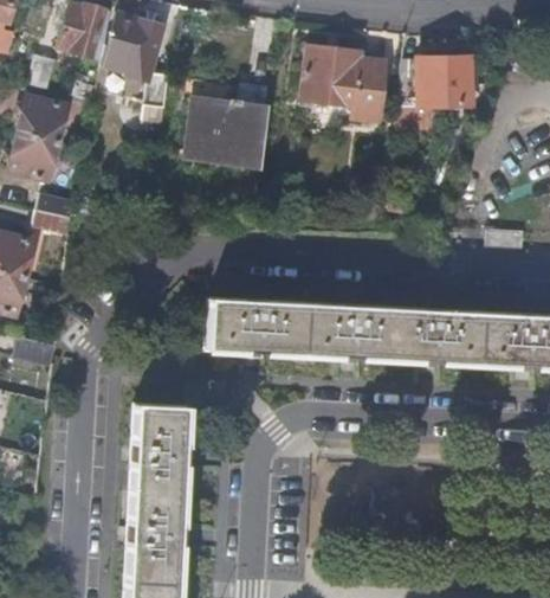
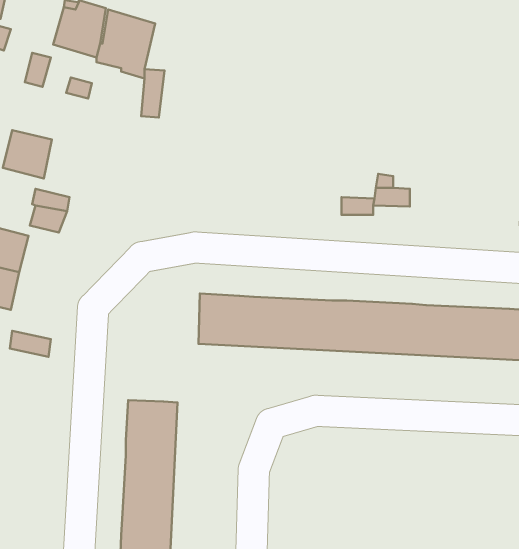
building: [303,46,387,121] -> none
building: [401,57,471,105] -> none
building: [18,96,66,143] -> none
building: [188,98,266,168] -> none

